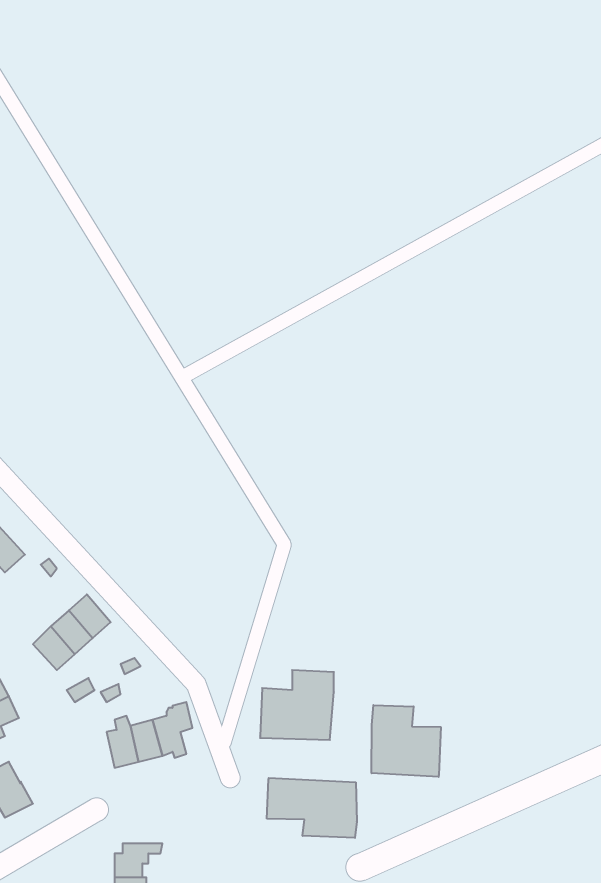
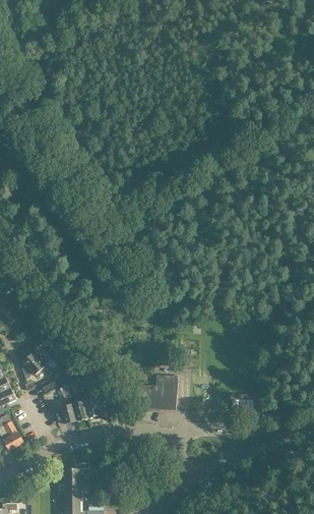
building: [372,705,441,777] -> none
building: [267,778,357,838] -> none

